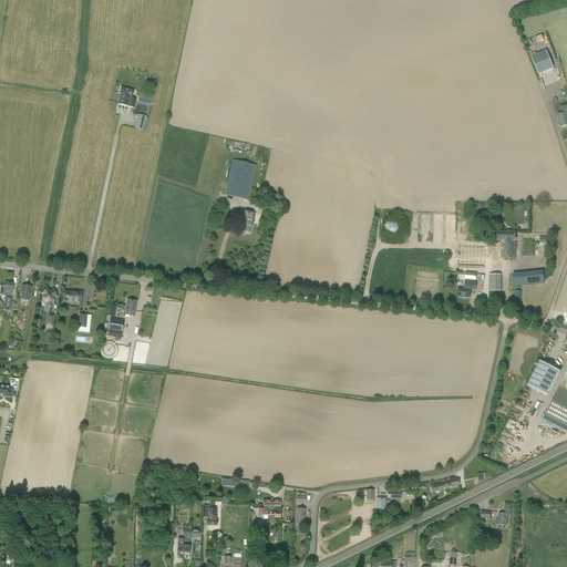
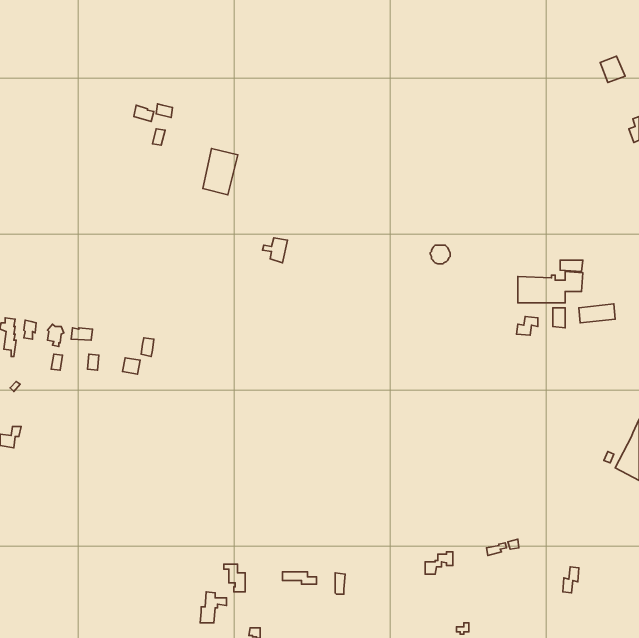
building: [225,158,256,199] -> [203,148,238,195]
building: [527,360,560,395] -> none

